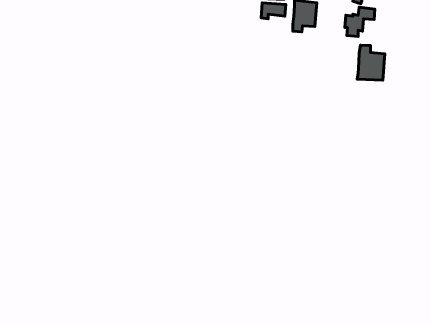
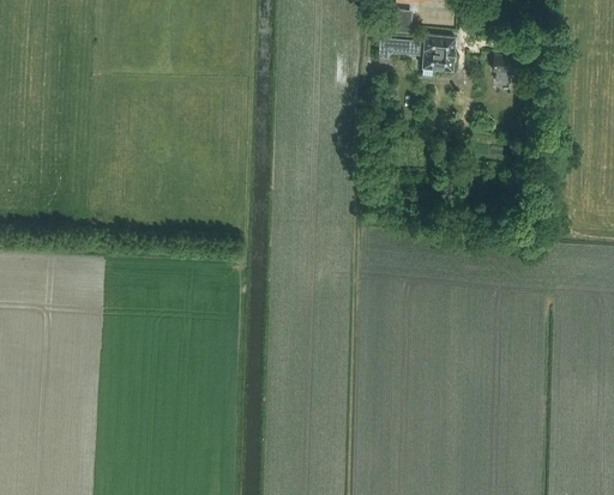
building: [357,45,385,80] -> none

